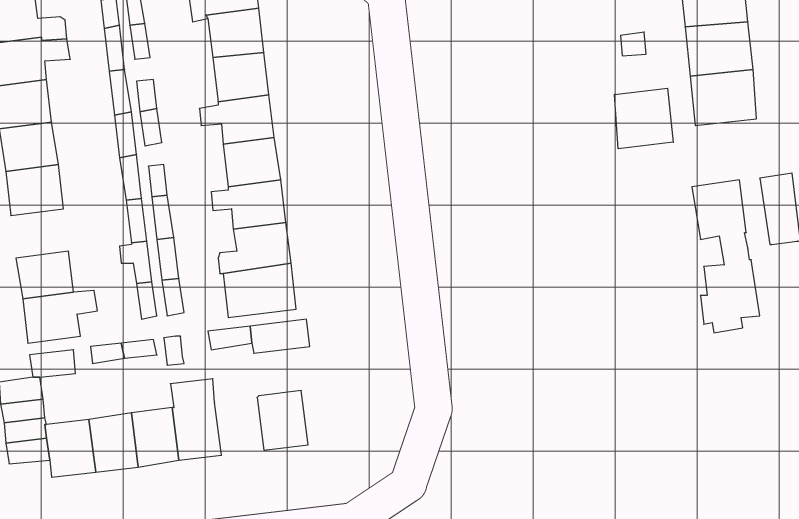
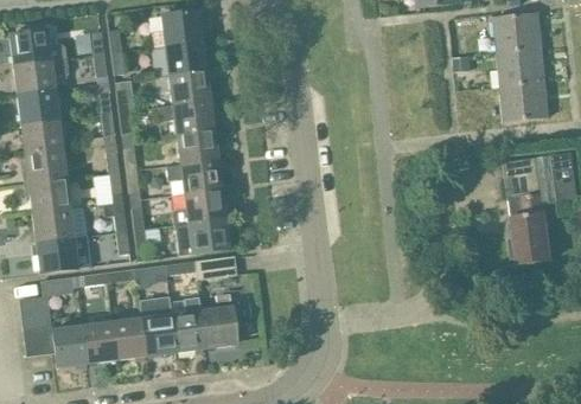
building: [614,88,673,149] -> none
building: none -> [28,178,69,212]
building: none -> [171,296,205,350]

